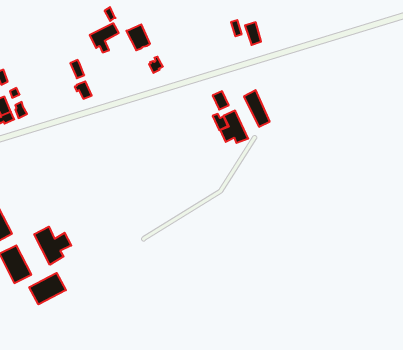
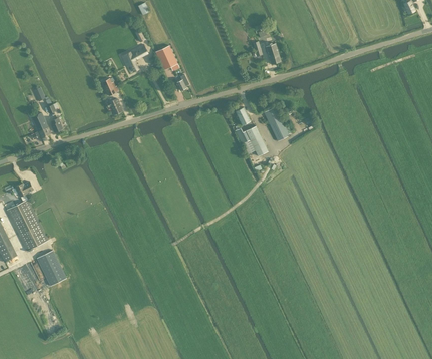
building: [34,227,71,265] -> none
building: [29,273,66,304] -> none

